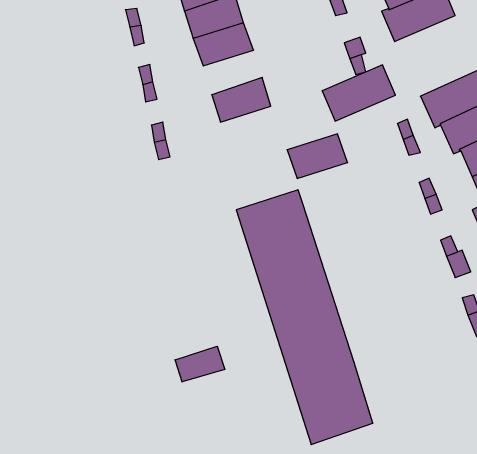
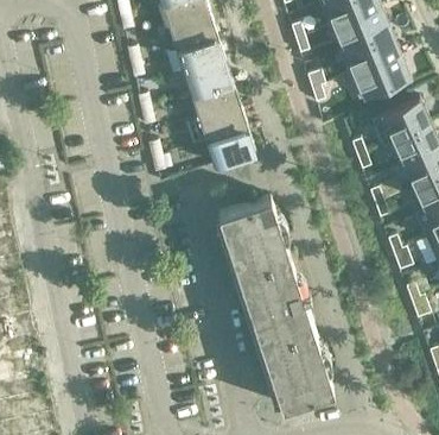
building: none -> [191,83,240,120]
building: [322,65,395,121] -> [349,55,409,101]
building: [287,134,348,178] -> [205,130,255,166]
building: [175,346,225,382] -> none

